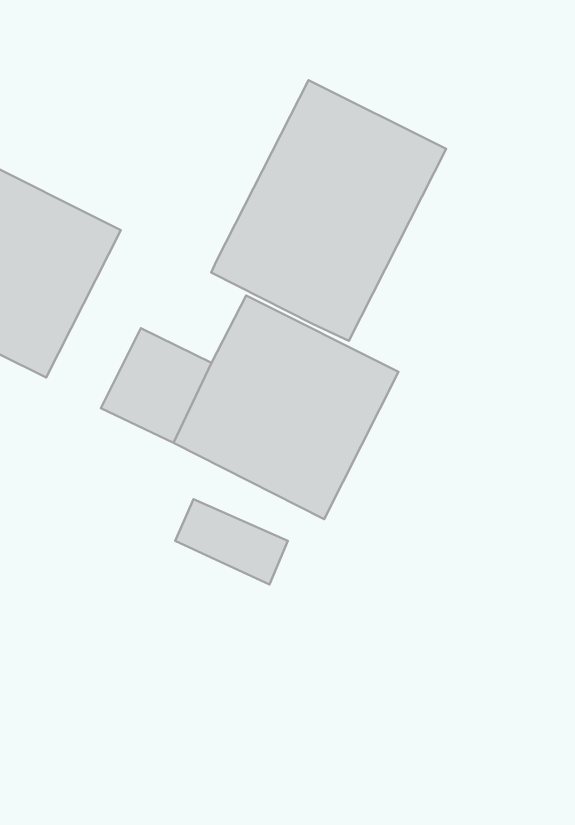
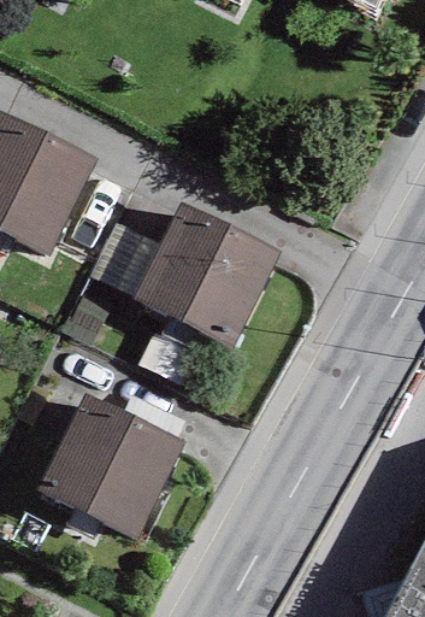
building: [211,80,446,341] -> none
building: none -> [33,393,183,542]

